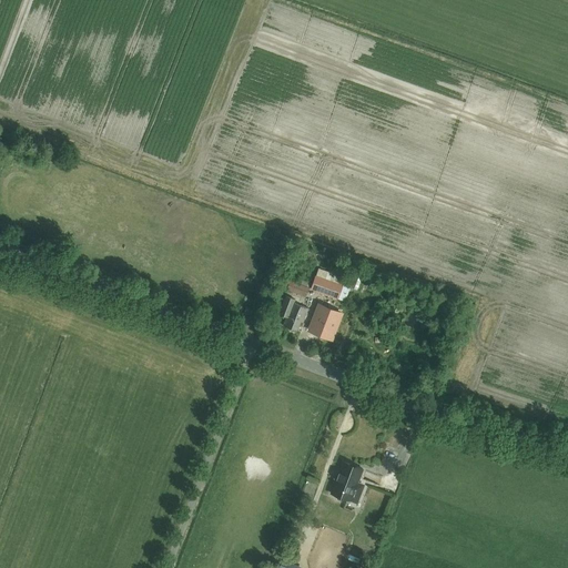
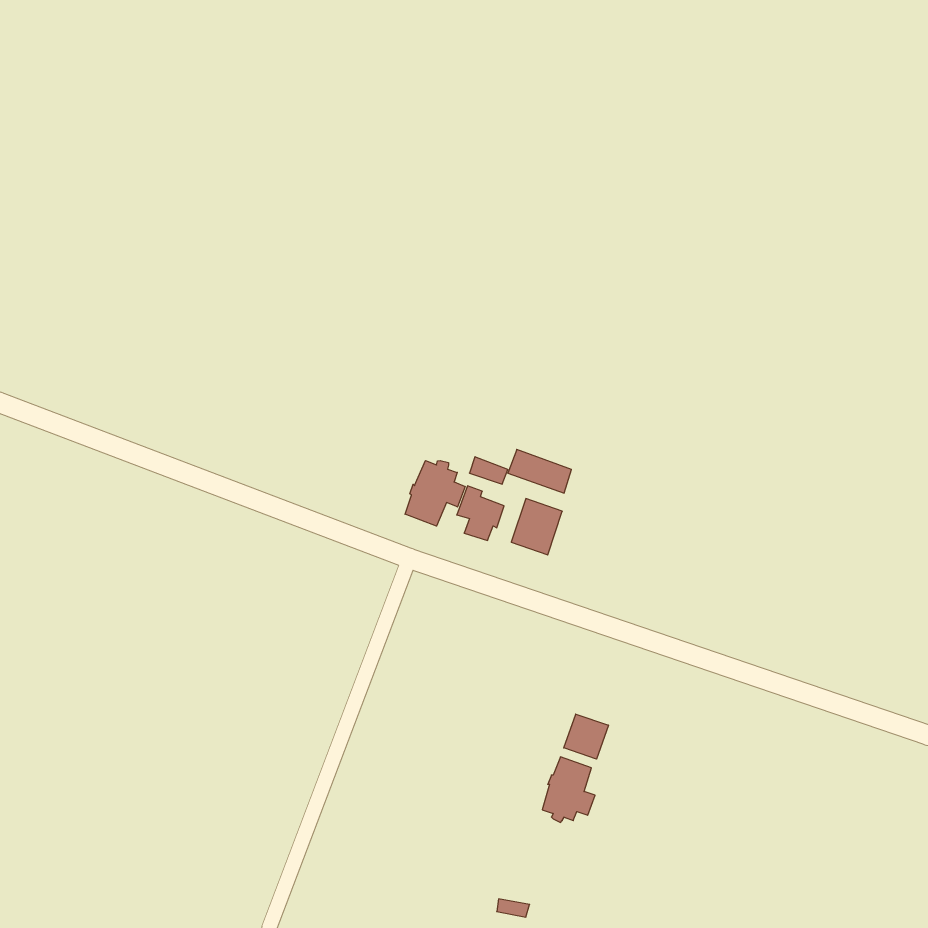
building: none -> [405,461,465,526]
building: none -> [564,714,608,759]

